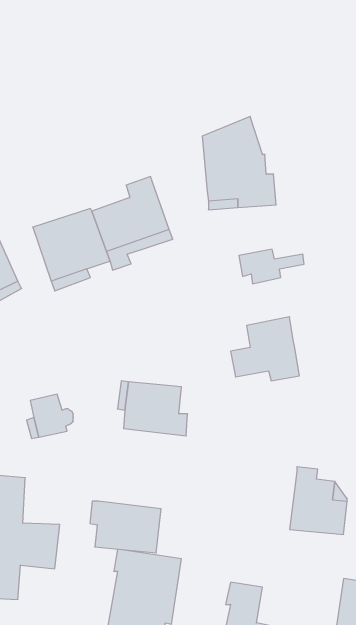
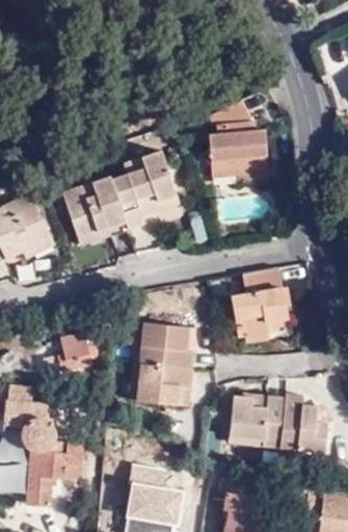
building: [239,249,304,284] -> [233,314,288,343]
building: none -> [227,395,285,448]
building: [90,501,161,553] -> [131,363,191,406]

